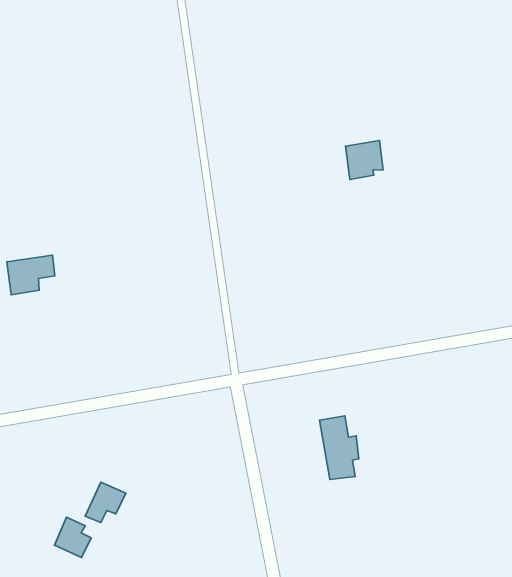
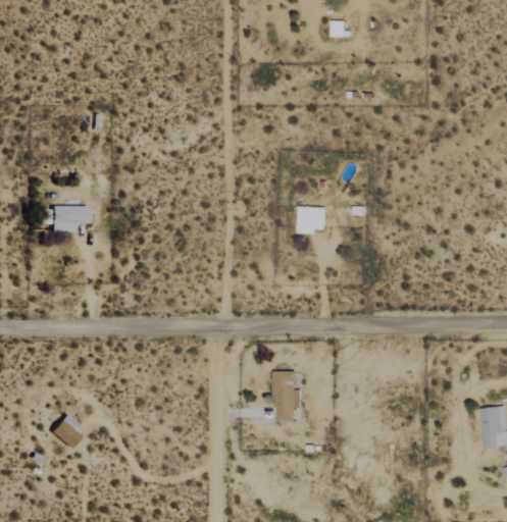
building: [345,140,383,179] -> [298,207,326,233]
building: [85,482,126,523] -> none

